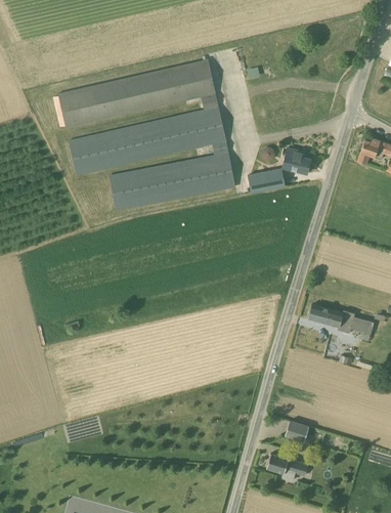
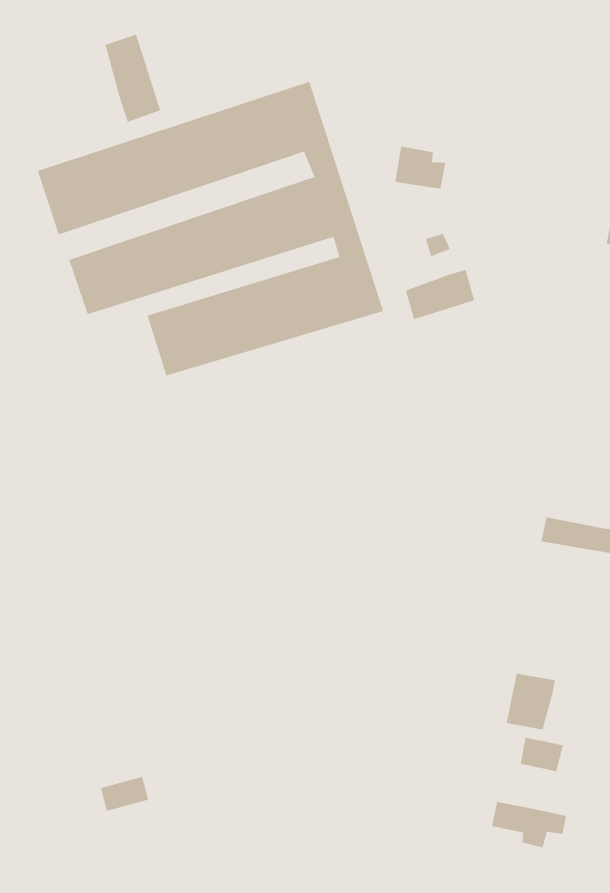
building: none -> [104,34,161,123]
building: [281,148,310,174] -> [395,145,446,189]
building: none -> [506,673,556,731]

